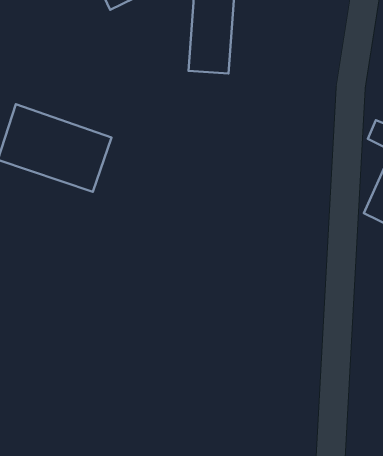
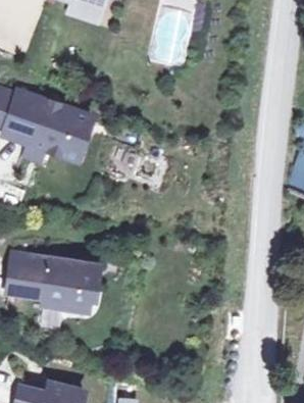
building: none -> [18,261,107,315]

